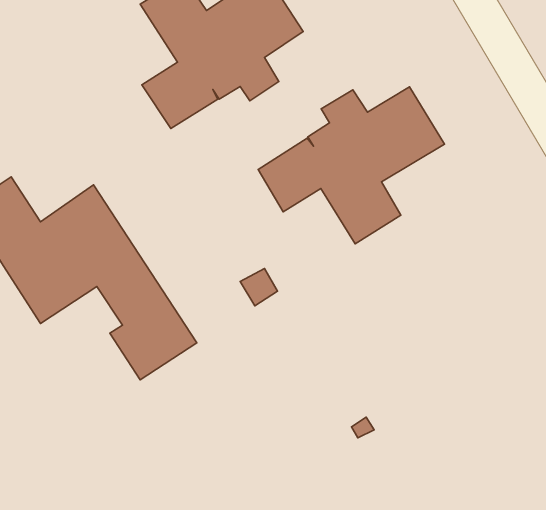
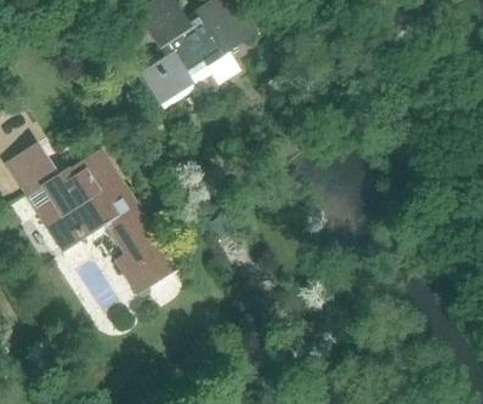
building: [258,87,444,244] -> none

